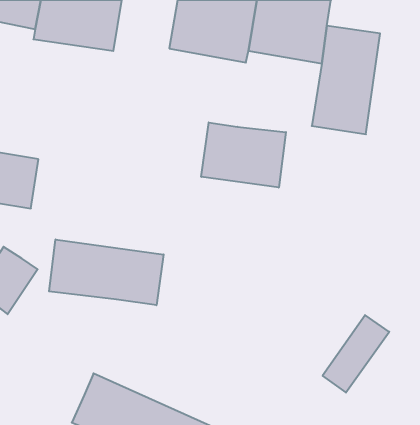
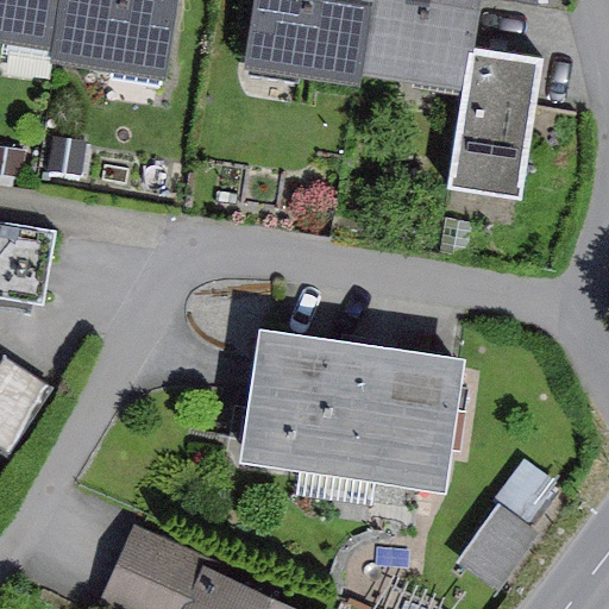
building: [201,122,286,188] -> none
building: none -> [237,328,463,494]
building: [49,239,164,305] -> none

